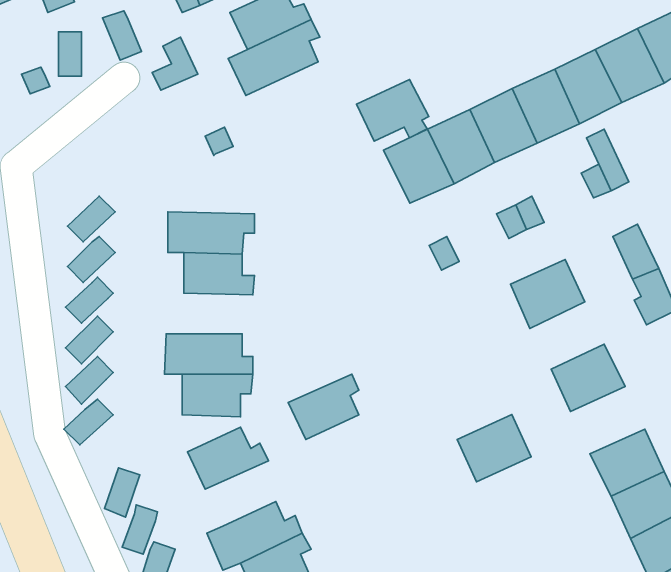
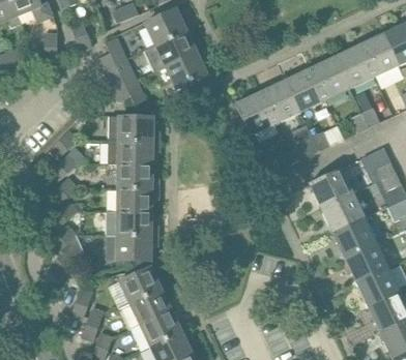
building: none -> [104,59,136,90]
building: [356,79,429,141] -> [165,52,207,88]
building: none -> [108,116,158,141]
building: none -> [116,187,157,211]
building: none -> [320,192,364,232]
building: [288,374,359,440] -> [129,286,171,324]
building: [457,415,531,482] -> [344,242,387,281]

